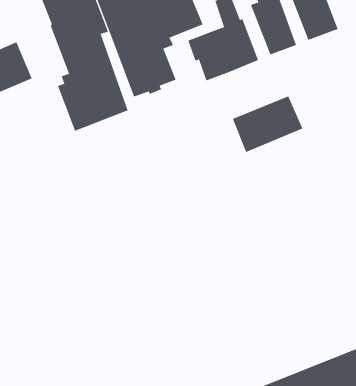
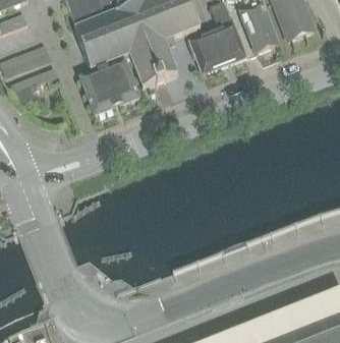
building: [232,96,303,153] -> none

